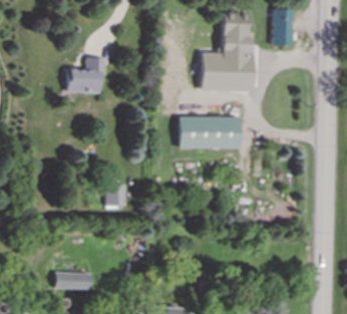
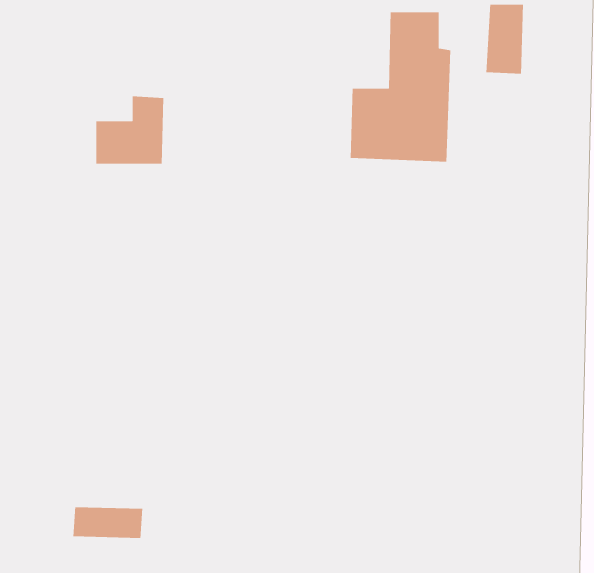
building: [179,115,240,148] -> none
building: [106,185,127,207] -> none

